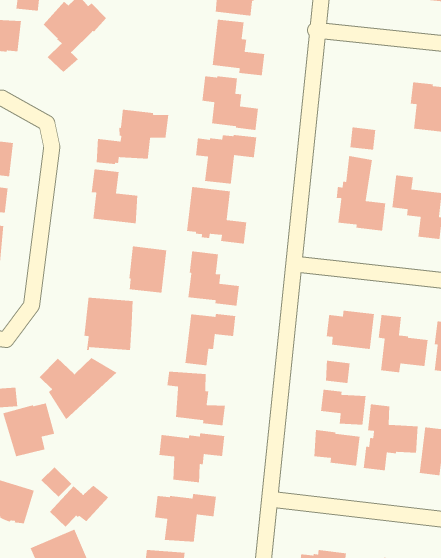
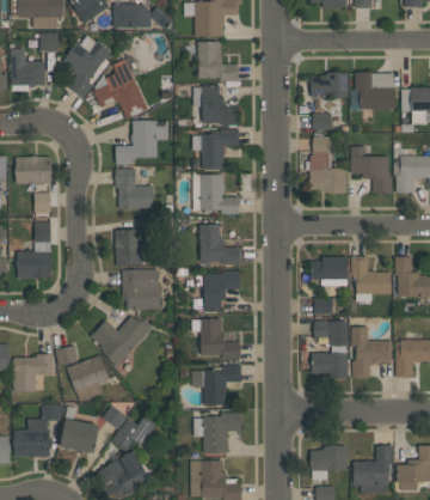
building: none -> [93,59,148,118]
building: none -> [311,72,348,97]
building: [128,246,167,294] -> [115,230,142,264]

